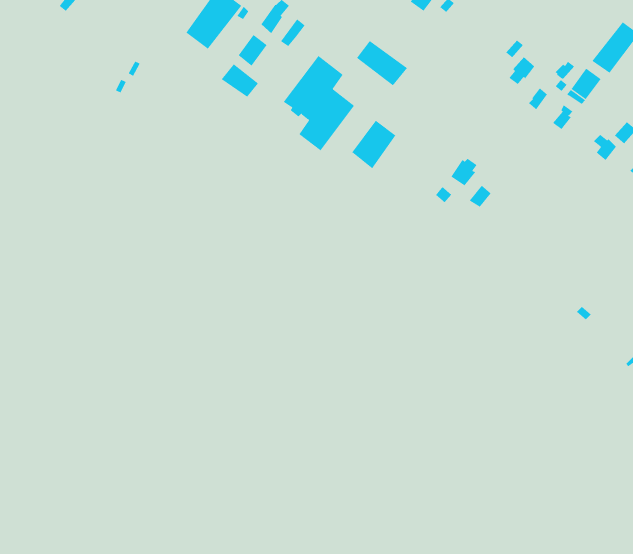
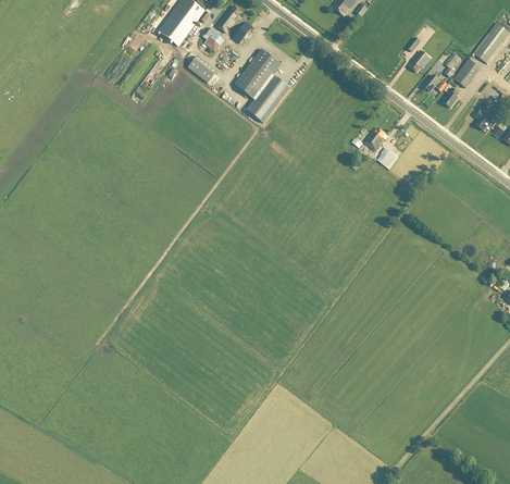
building: [356,40,408,86] -> none
building: [351,120,396,169] -> none

